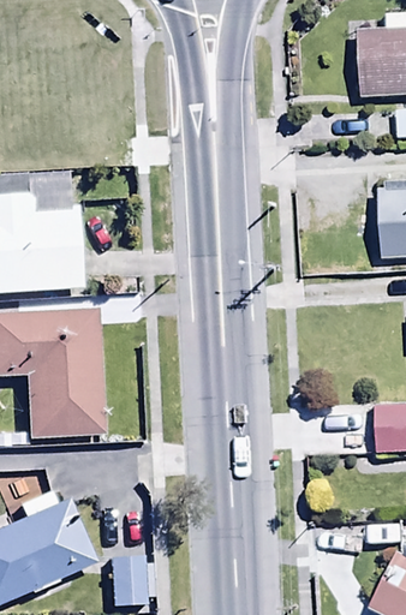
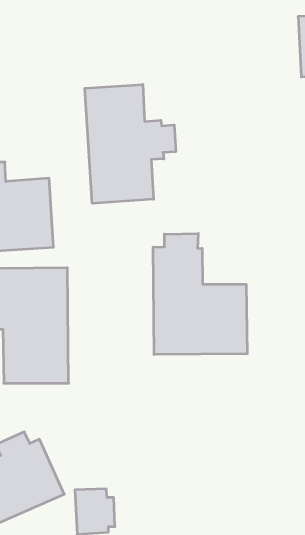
building: none -> [85,84,176,203]
building: none -> [153,233,247,355]

